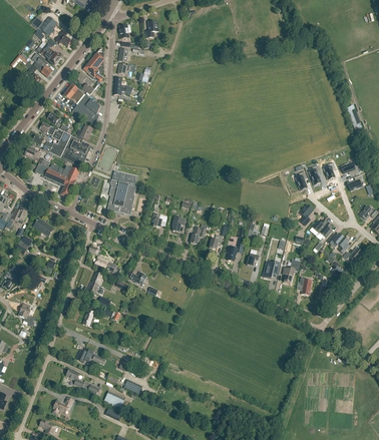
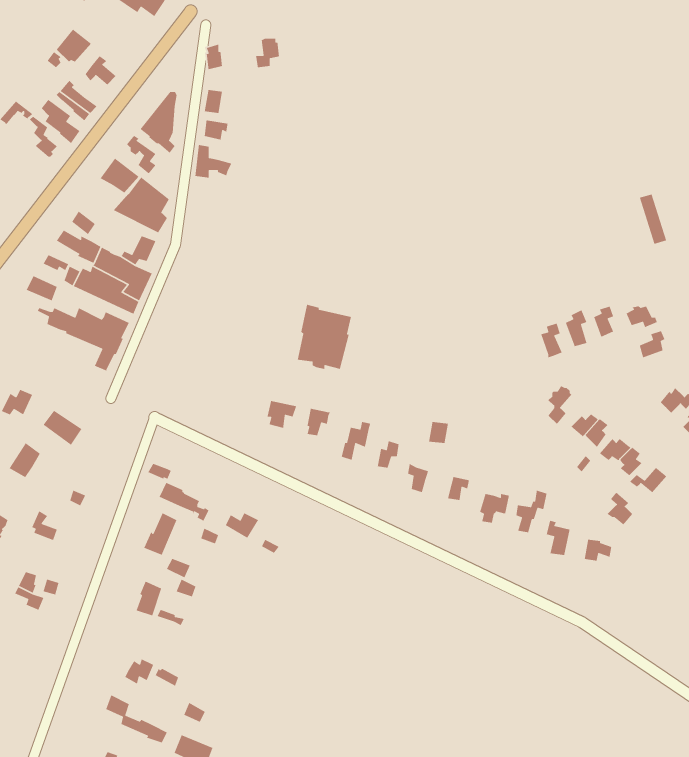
building: [107,179,136,214] -> [297,303,352,370]

